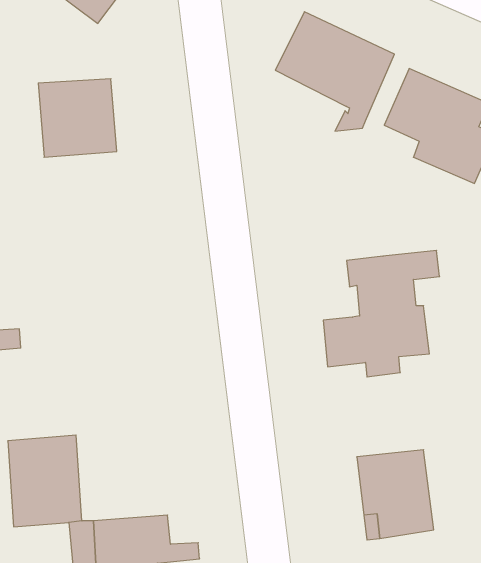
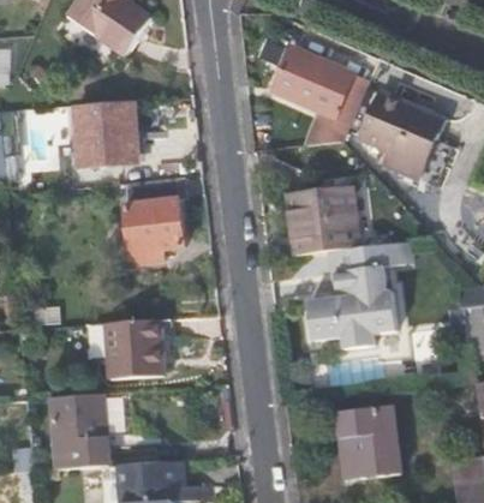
building: none -> [123,178,184,265]
building: none -> [289,187,358,253]
building: none -> [104,318,165,379]

